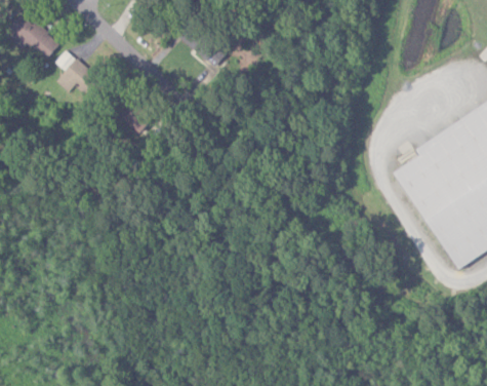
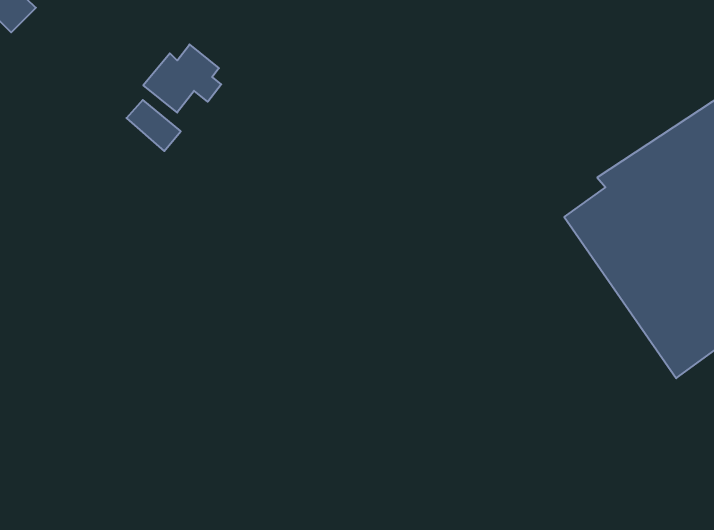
building: [60,50,93,92] -> none
building: none -> [143,44,221,113]

